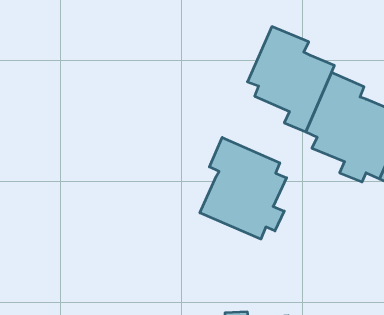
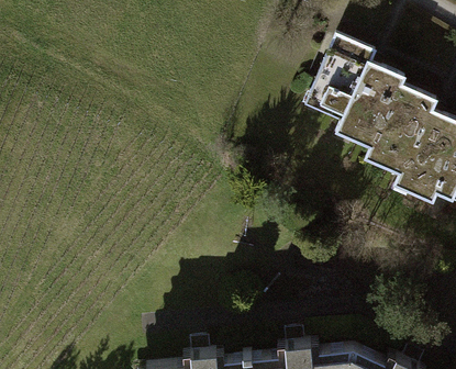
building: [200,137,287,239] -> none

